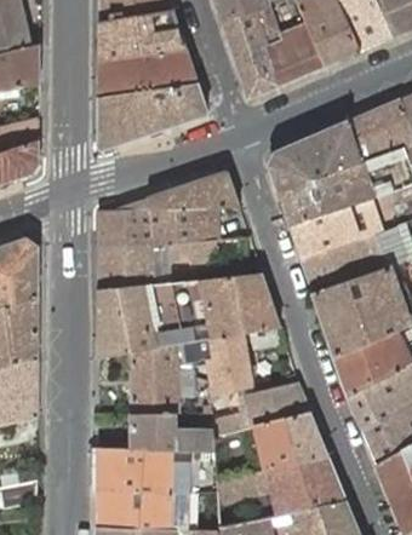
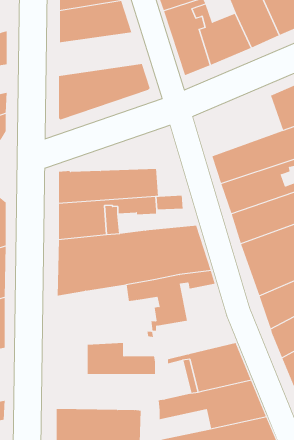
building: [98,47,198,98] -> none
building: [269,121,362,192] -> none
building: [113,172,239,211] -> none
building: [131,344,194,414] -> none
building: [212,381,308,435] -> none
building: [96,449,217,491] -> none

